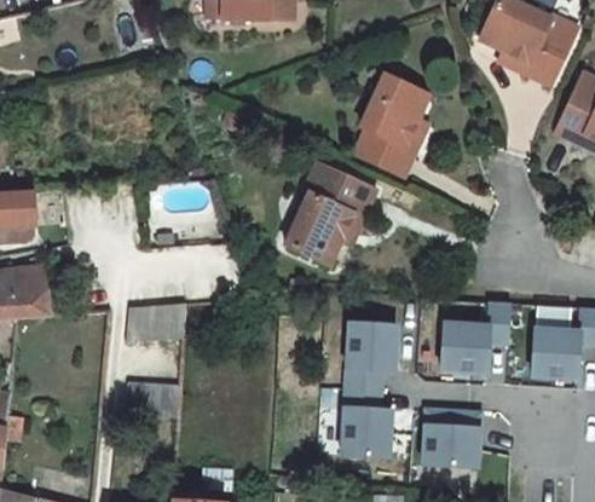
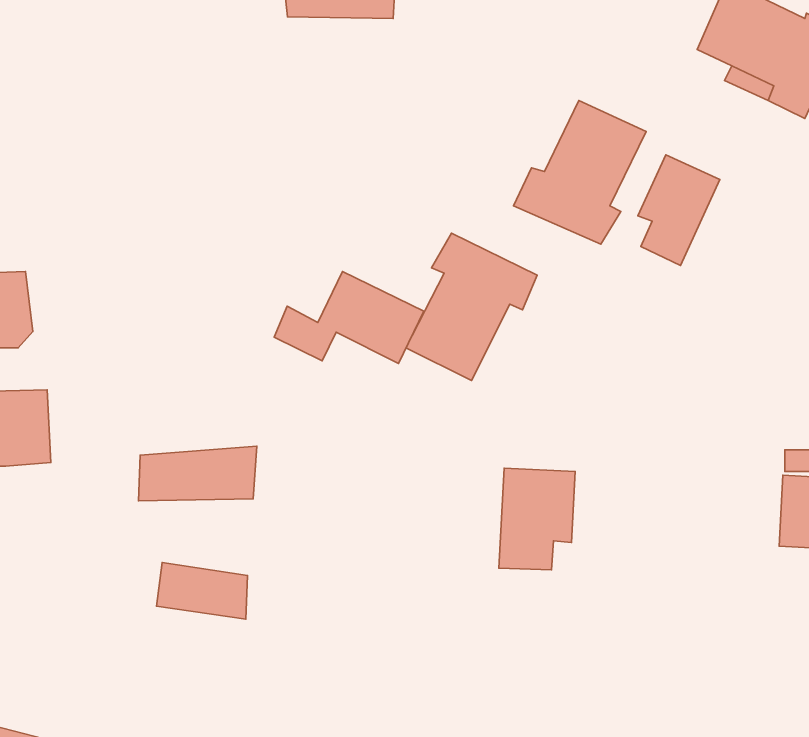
building: none -> [638,155,720,266]
building: none -> [274,272,424,363]
building: [441,304,510,370] -> none
building: [342,387,392,456] -> none
building: [423,404,480,465] -> none

